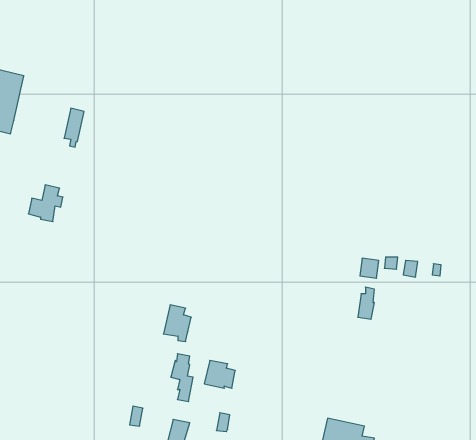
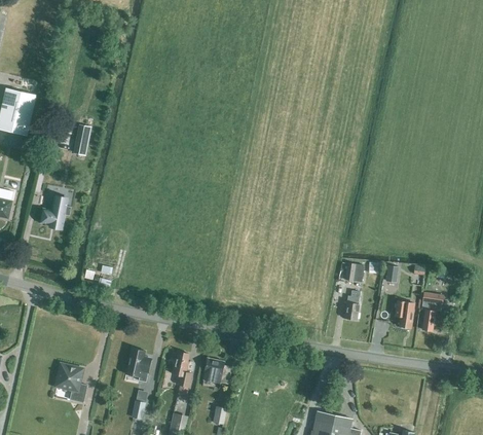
building: none -> [420,292,443,331]
building: none -> [394,300,413,328]
building: [163,305,191,342] -> [124,348,150,382]
building: none -> [55,363,86,402]

